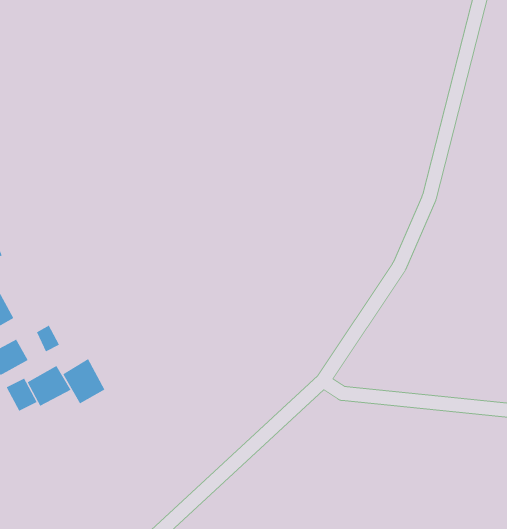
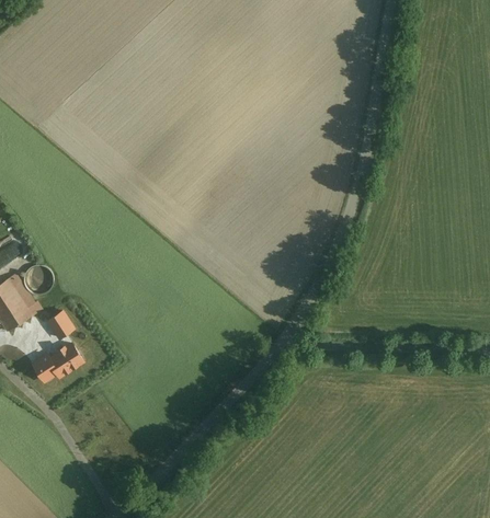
building: [62,358,105,404] -> none

